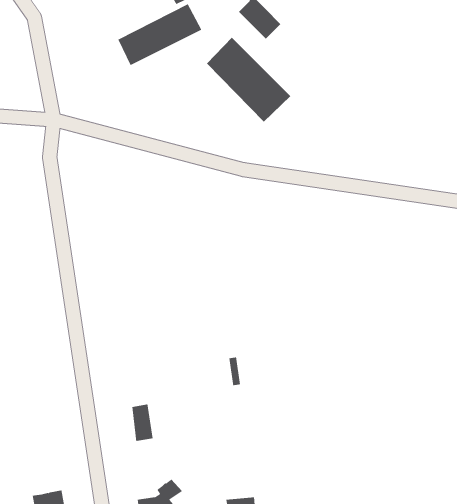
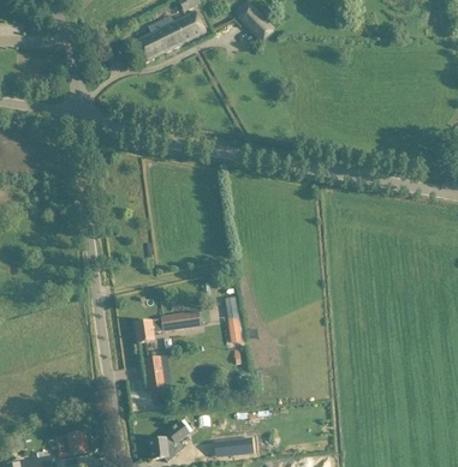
building: [206,37,291,122] -> none
building: none -> [135,309,201,340]

